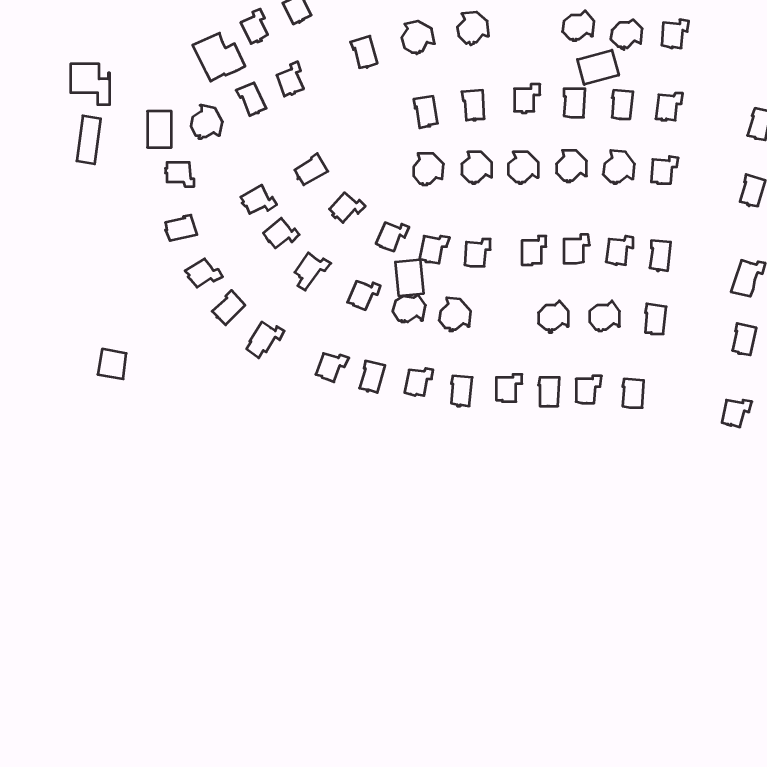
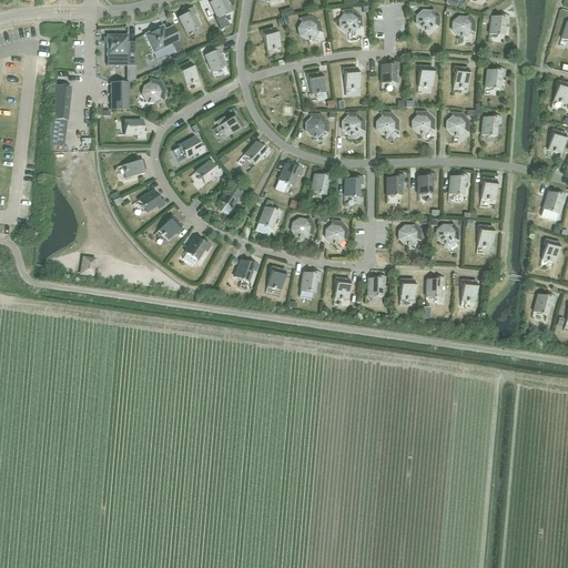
building: [577,50,619,85] -> none
building: [71,64,110,105] -> [106,34,135,64]
building: [395,260,423,296] -> none

